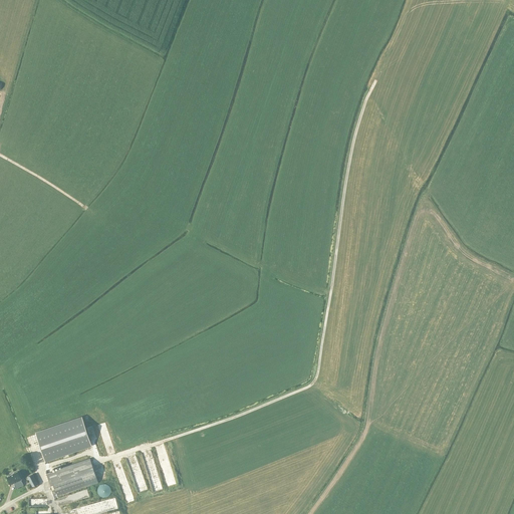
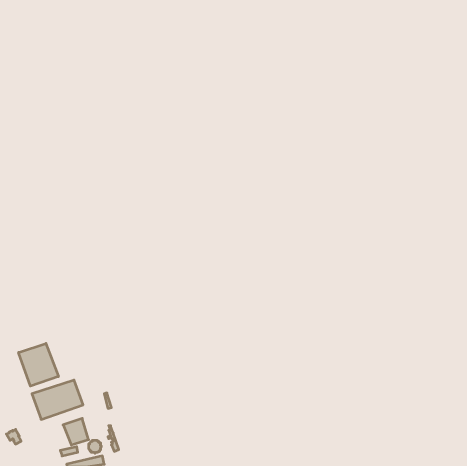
building: none -> [19,343,58,386]
building: [46,468,78,498] -> none

